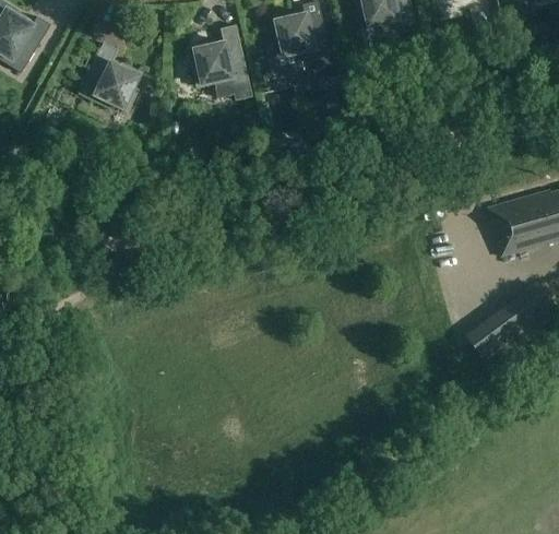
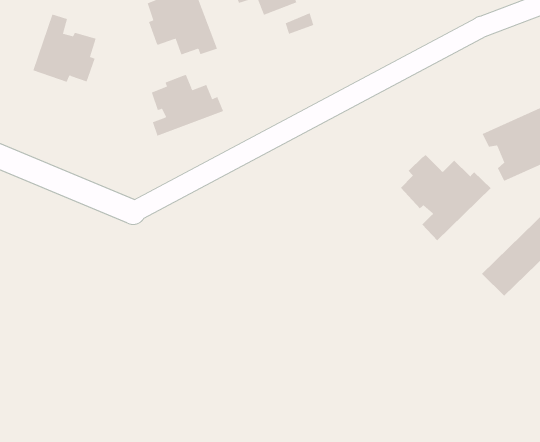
building: none -> [151,74,224,137]
building: none -> [400,154,491,241]

